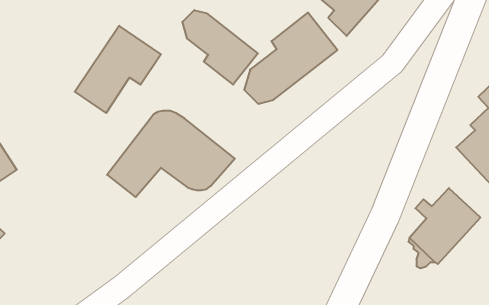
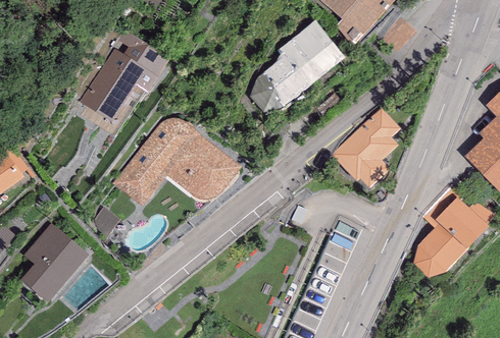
building: [182,10,258,85] -> none
building: none -> [332,107,402,191]
building: none -> [21,223,89,302]

